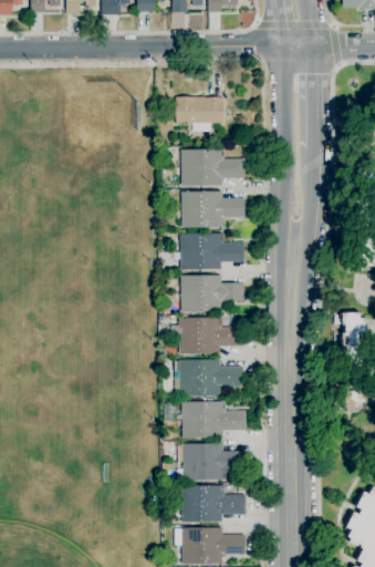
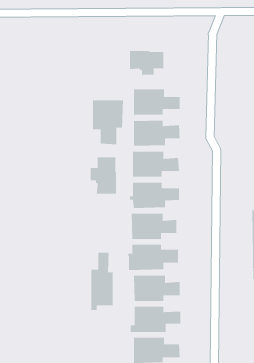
building: none -> [92,100,124,145]
building: none -> [90,156,117,195]
building: none -> [91,252,114,311]

